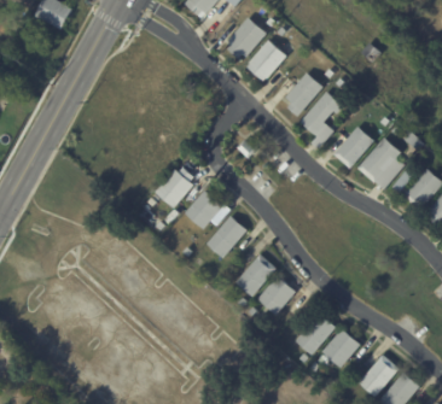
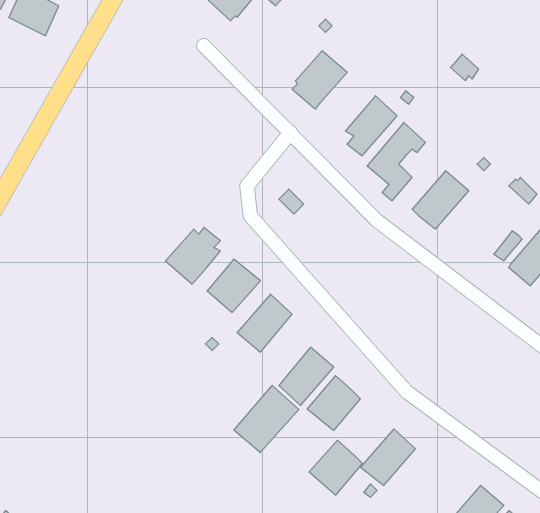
building: [225,17,264,58] -> none
building: [355,137,402,191] -> none
building: none -> [234,385,299,453]
building: [319,328,357,368] -> [309,440,362,495]

